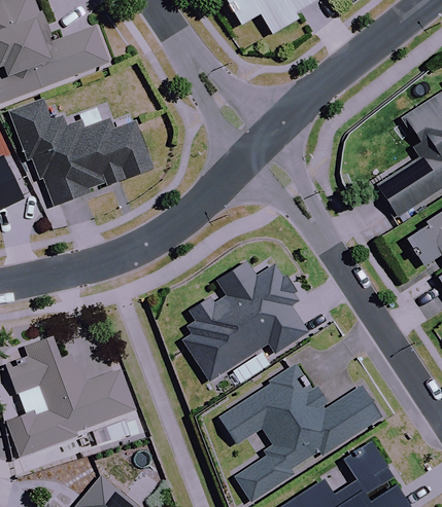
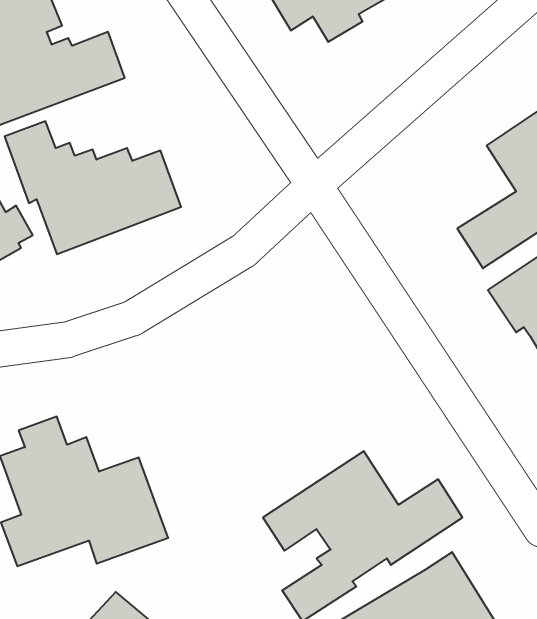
building: [180,258,307,379] -> none

